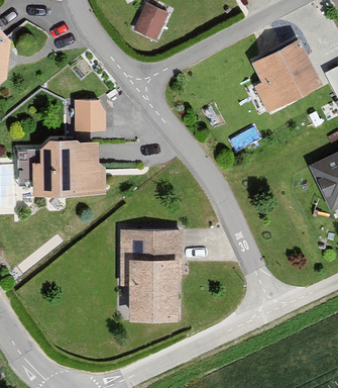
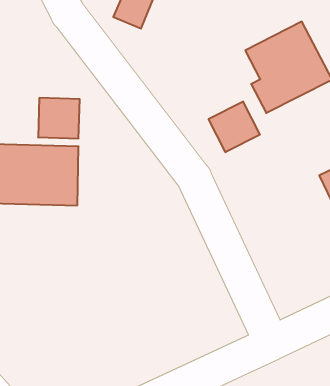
building: none -> [209,101,260,152]
building: [120,227,178,315] -> none

